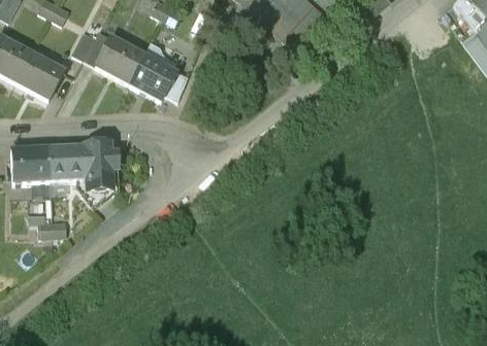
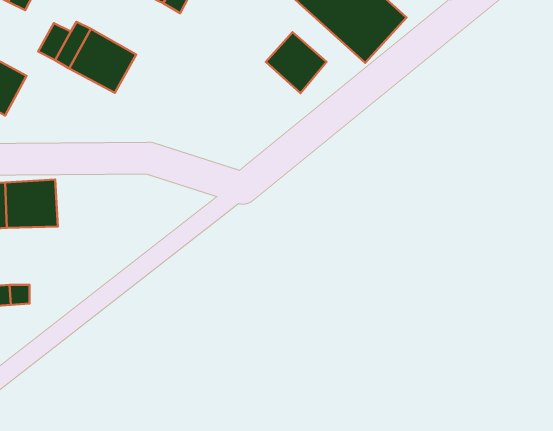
building: none -> [266,32,327,93]
building: [128,54,176,99] -> none
building: [85,143,117,188] -> none

